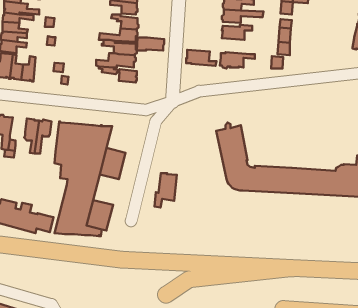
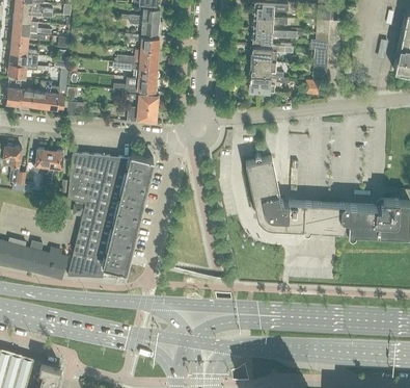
building: [137,37,164,51] -> [127,108,157,123]
building: none -> [45,72,67,111]
building: [186,50,217,66] -> [250,61,283,79]
building: none -> [125,154,153,187]
building: [155,173,177,207] -> none
building: none -> [110,211,138,244]

